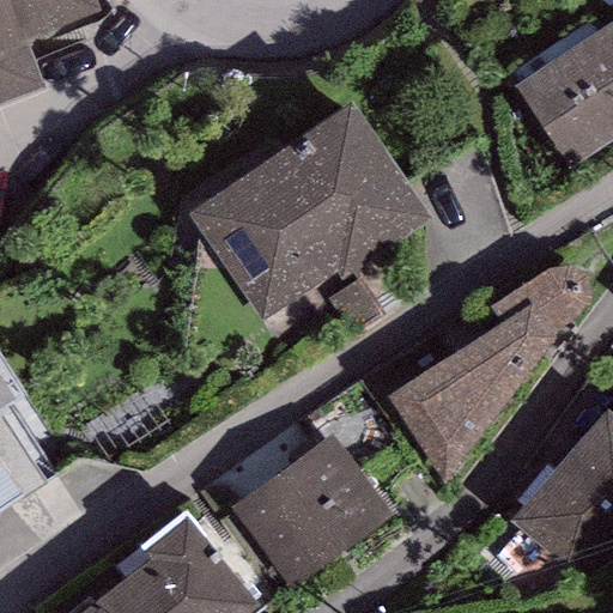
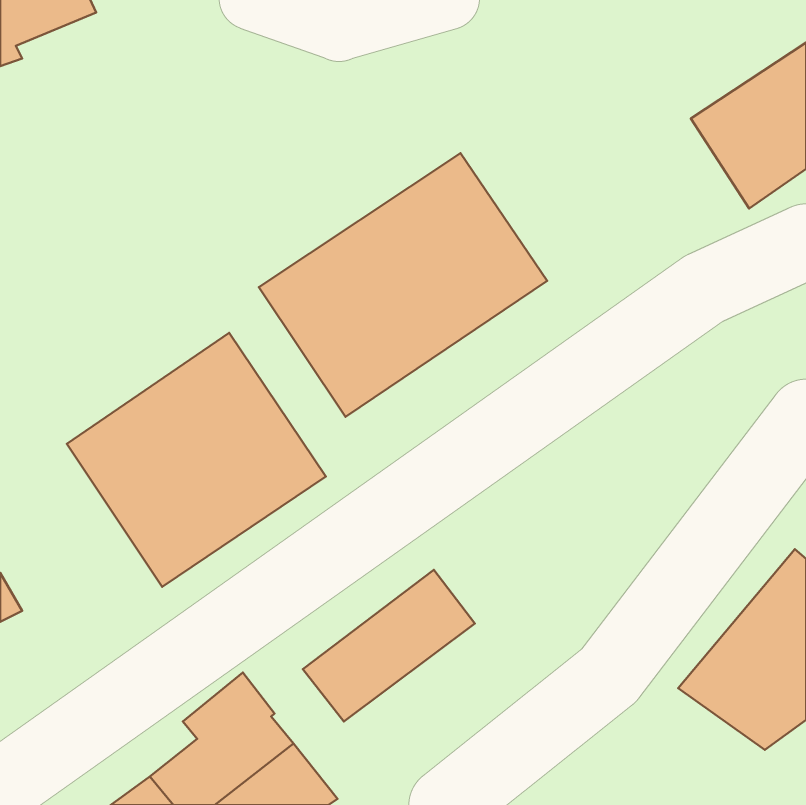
building: none -> [67,333,326,587]
building: [393,281,573,465] -> none
building: [261,473,392,589] -> none

